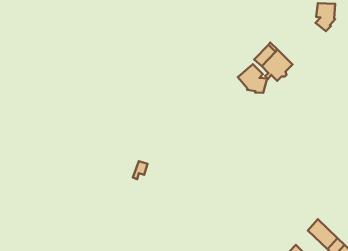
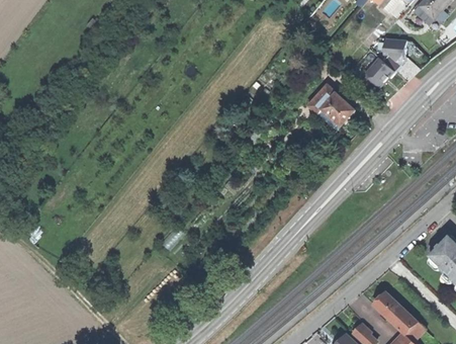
building: none -> [360,58,394,93]
building: [238,64,267,93] -> none

